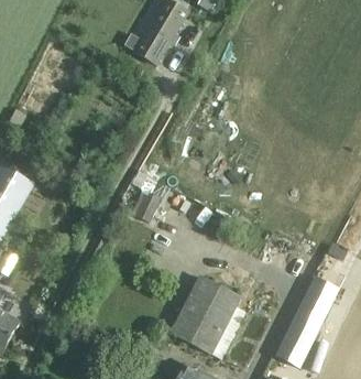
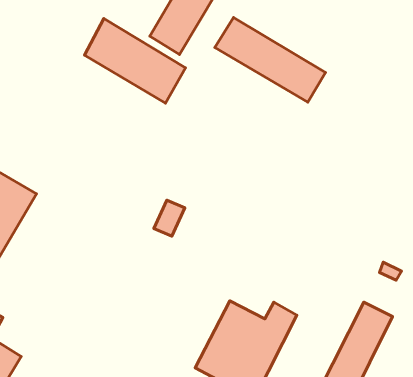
building: none -> [215,17,325,102]
building: none -> [85,19,186,103]

